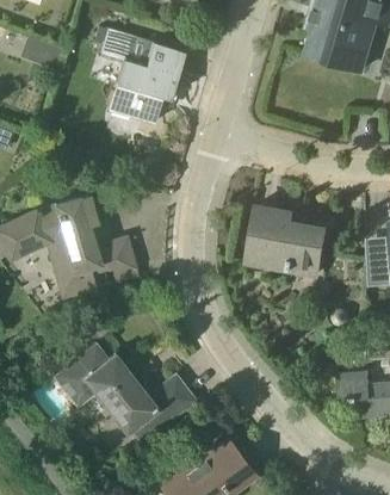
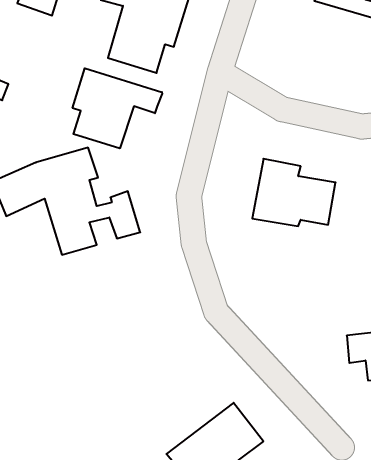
building: none -> [73,68,162,148]
building: [54,344,196,444] -> none

